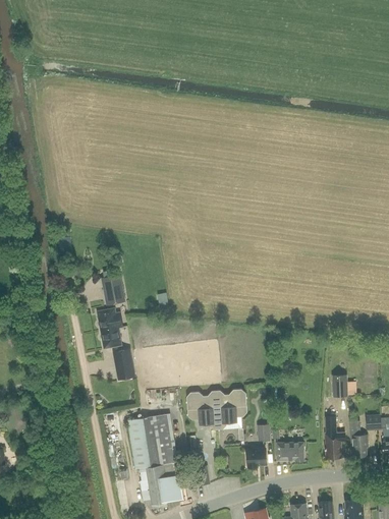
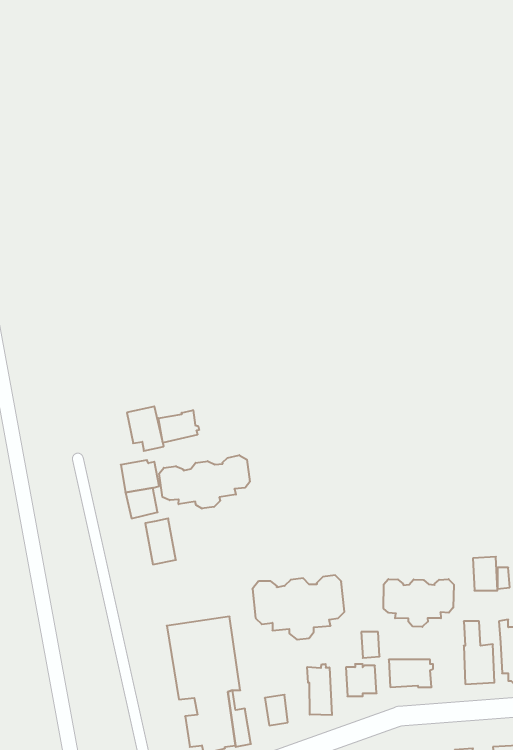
building: none -> [159,410,199,443]
building: none -> [159,455,250,509]
building: none -> [383,579,454,627]
building: none -> [307,664,332,715]

